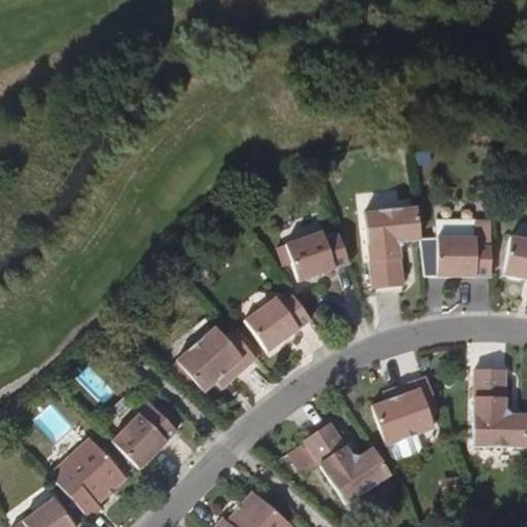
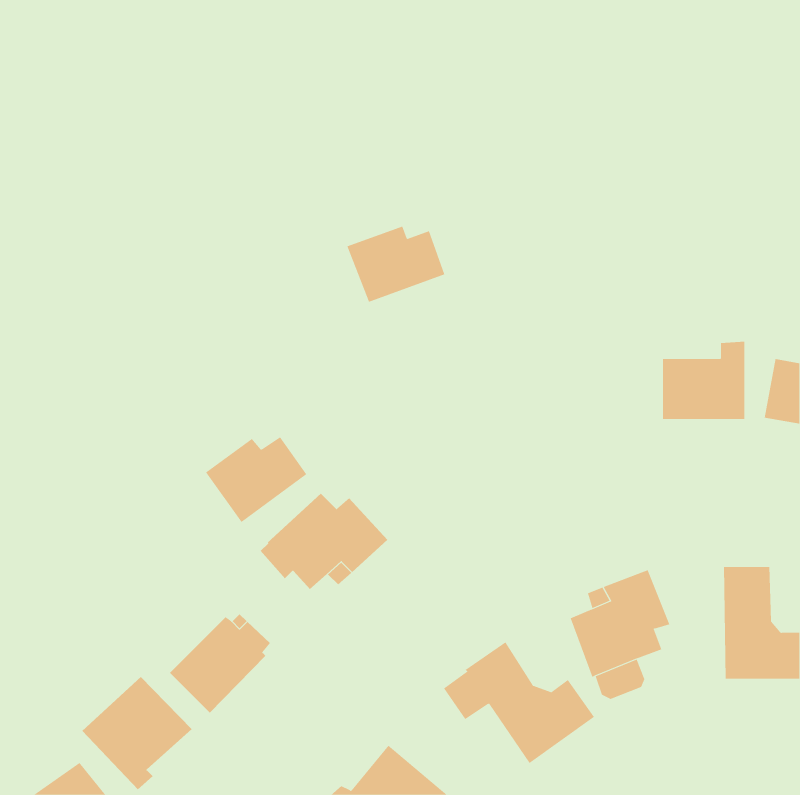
building: [361,206,418,286] -> none
building: [283,230,348,280] -> [347,226,445,303]
building: [243,296,310,353] -> [205,437,307,523]

